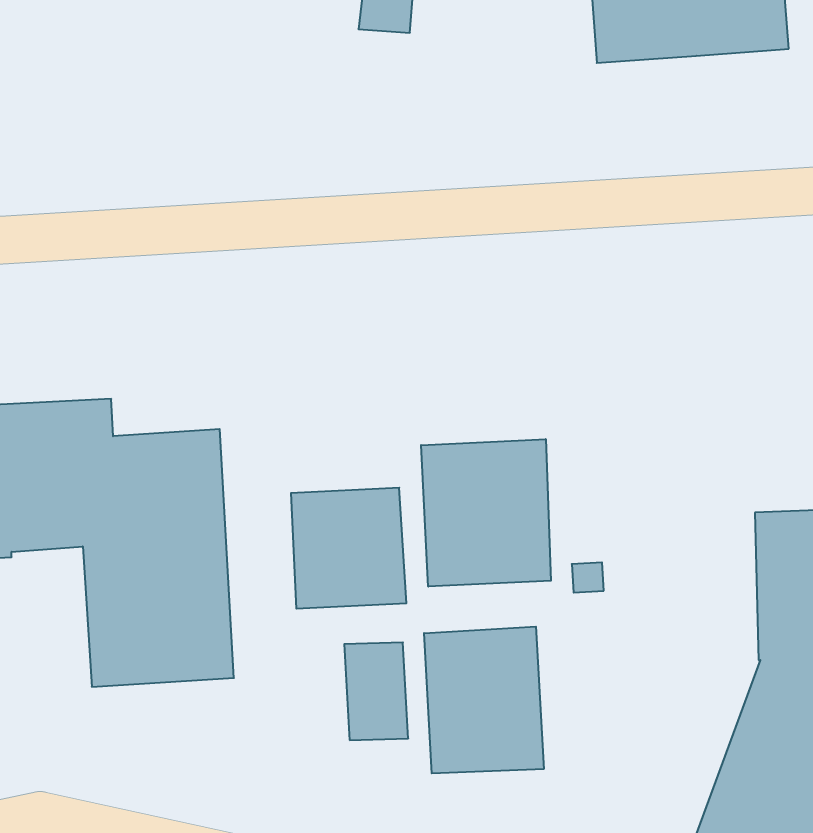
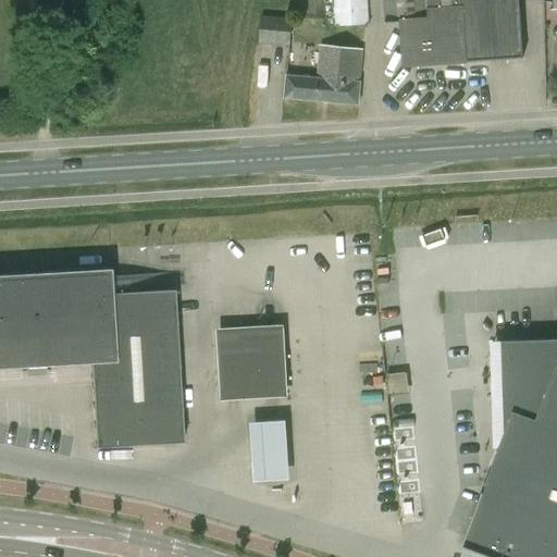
building: none -> [285,46,362,103]
building: [421,439,551,587] -> none
building: [424,627,544,773] -> none

